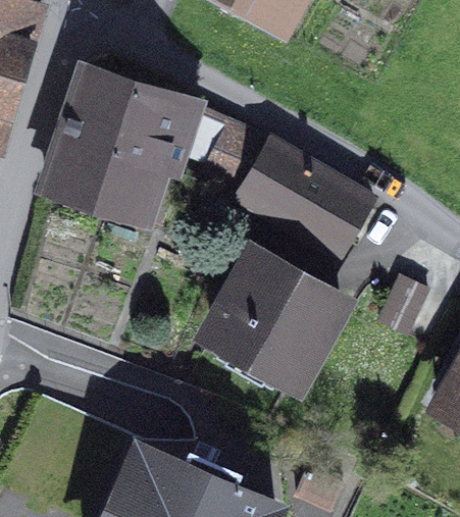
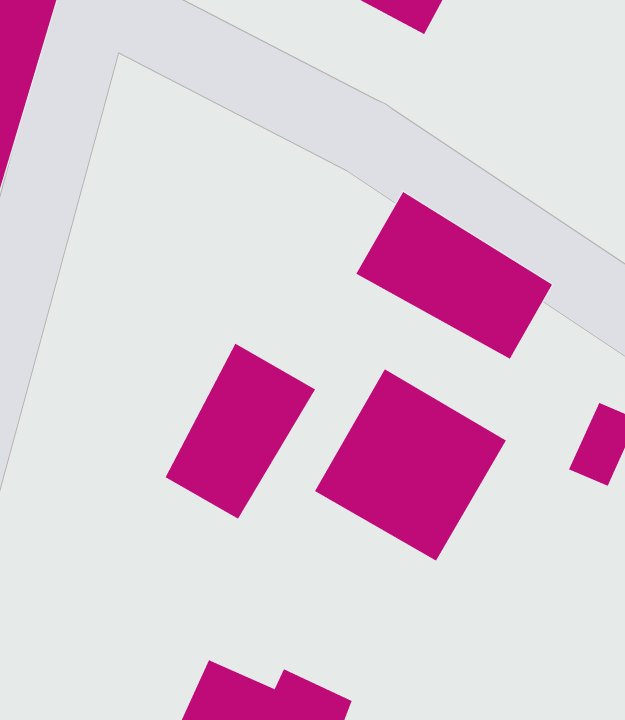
building: [47,67,200,220] -> none
building: none -> [165,343,316,520]

